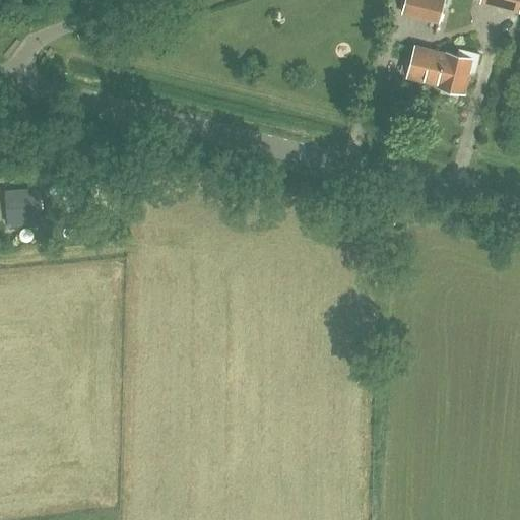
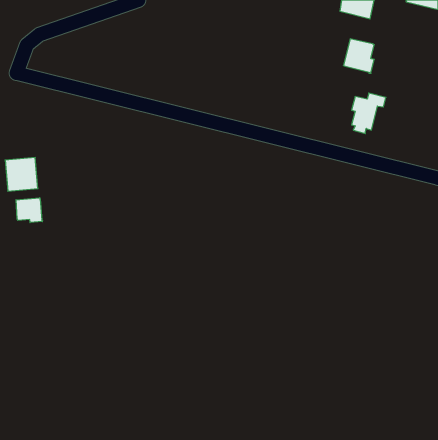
building: [438,49,478,96] -> [352,93,386,134]
building: none -> [16,198,42,223]

